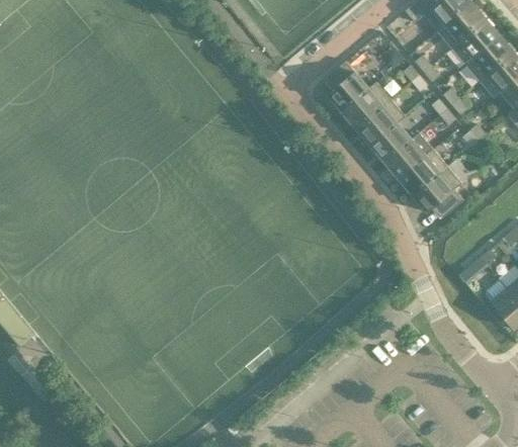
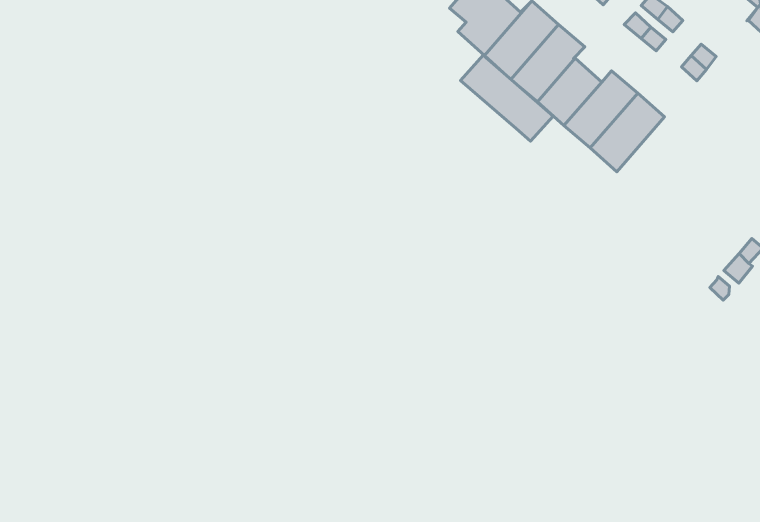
building: none -> [461,55,553,141]
building: [413,166,463,217] -> none

